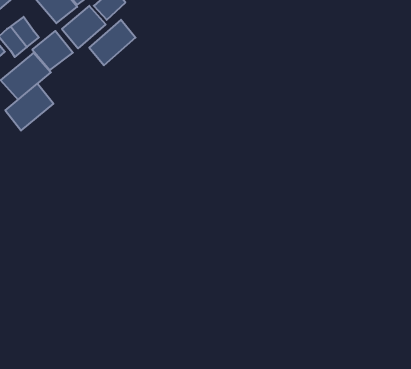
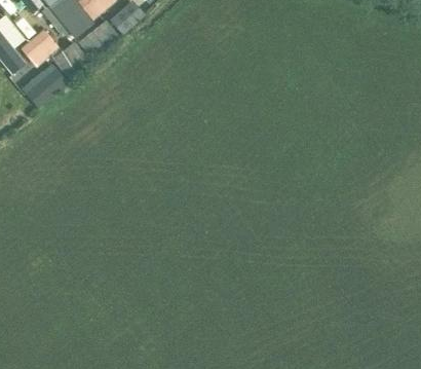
building: [89,20,136,65] -> none
building: [5,84,53,131] -> none

